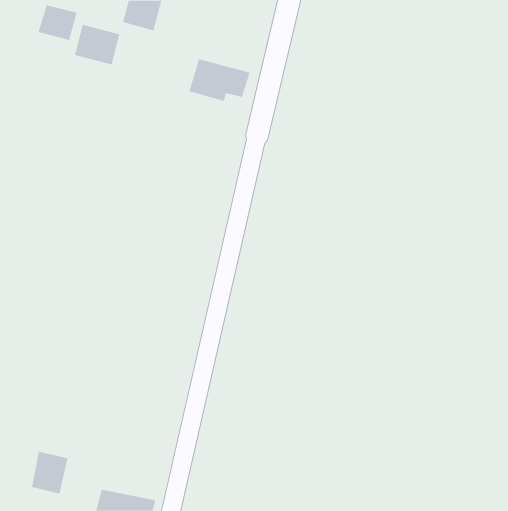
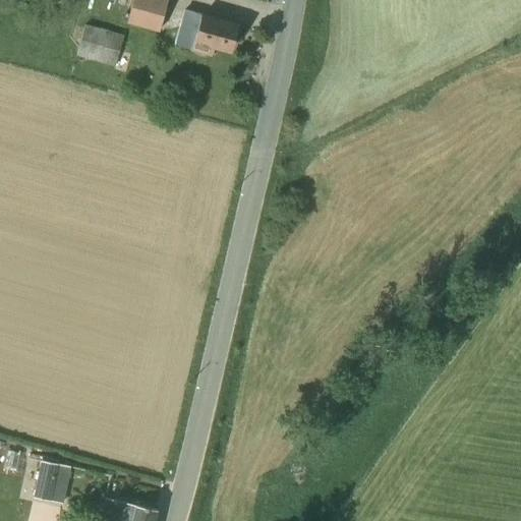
building: [38,4,77,41] -> none
building: [189,59,251,102] -> [175,10,238,54]

